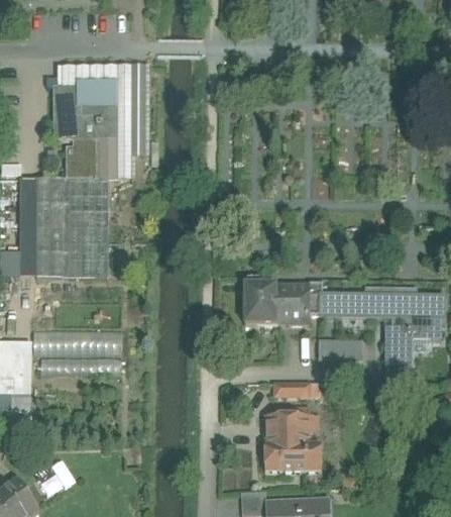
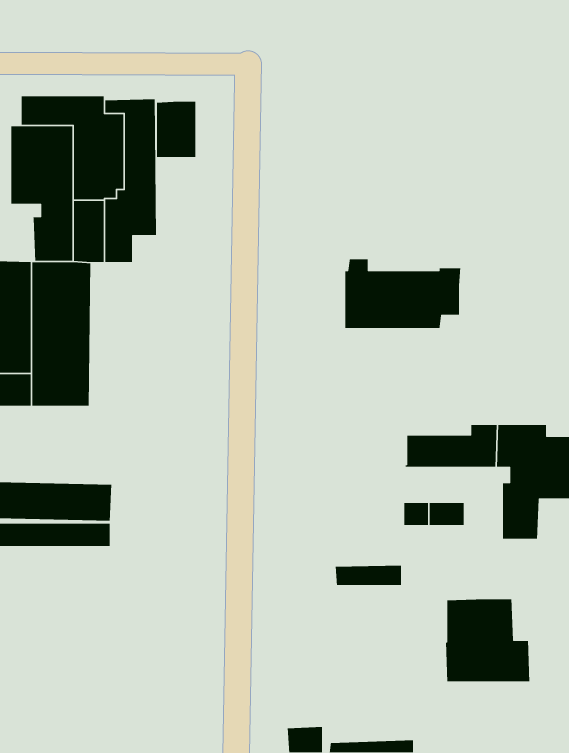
building: none -> [156,101,196,158]
building: [243,277,322,324] -> [345,259,461,329]
building: [263,415,321,472] -> [445,598,530,682]

